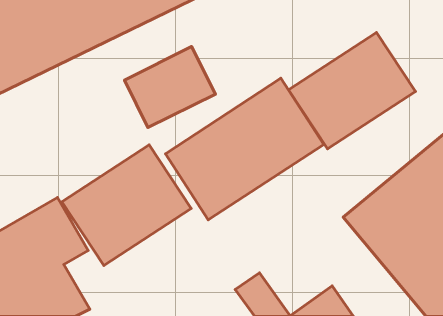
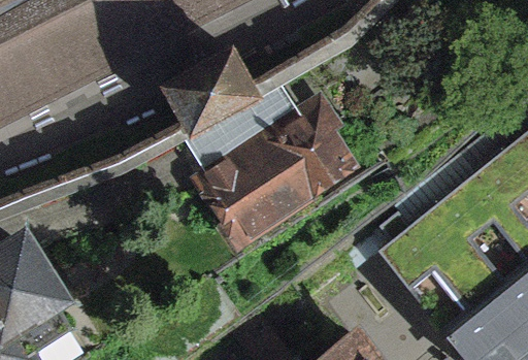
building: [289,32,415,149] -> none
building: [62,145,191,266] -> none

